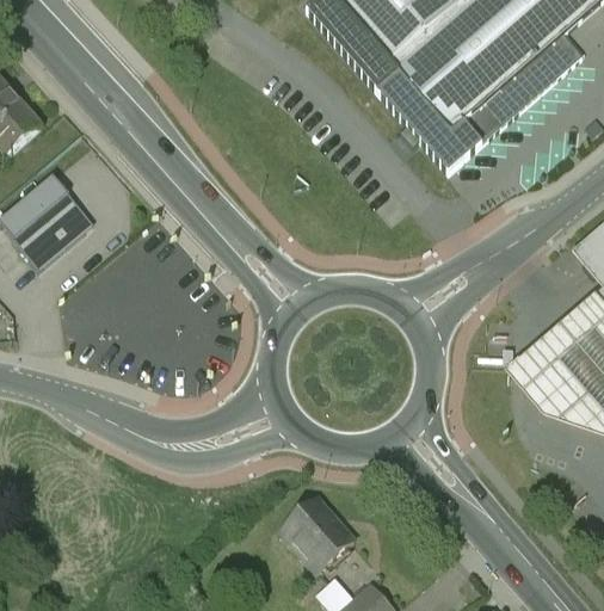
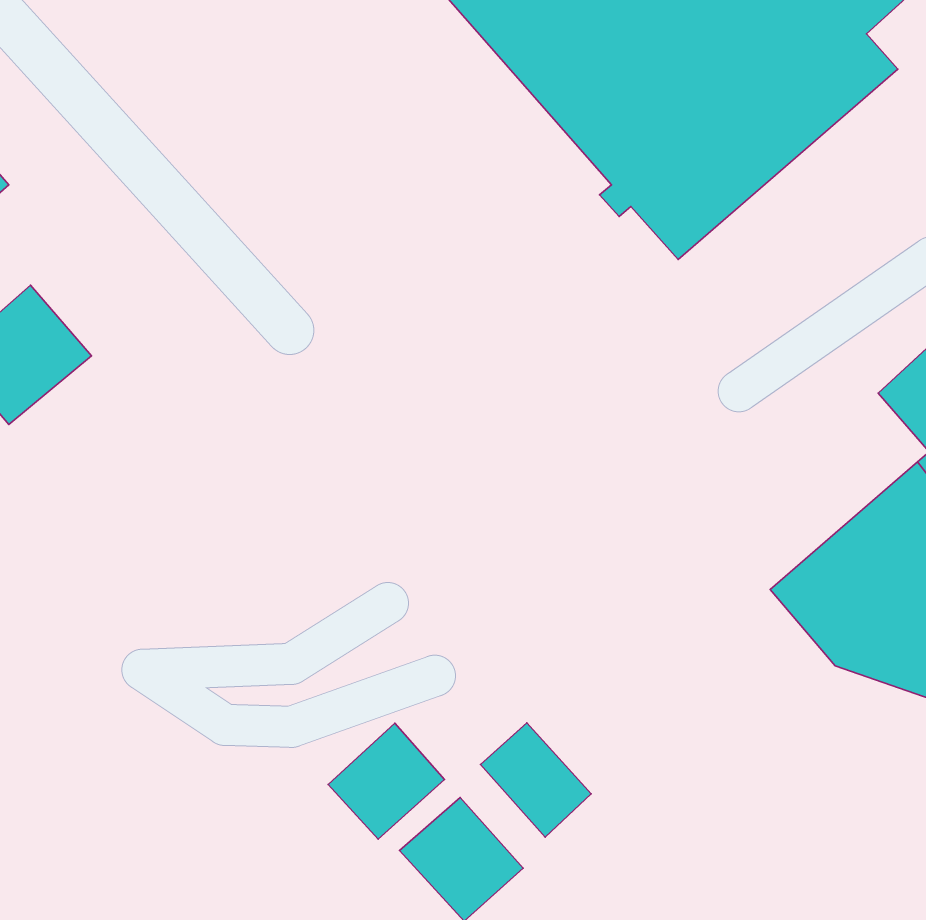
building: none -> [481,723,591,837]
building: none -> [328,723,444,839]

